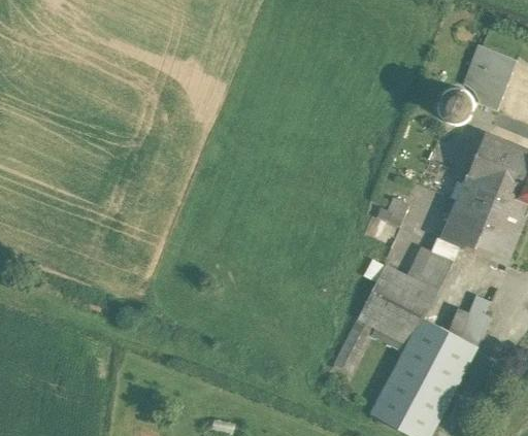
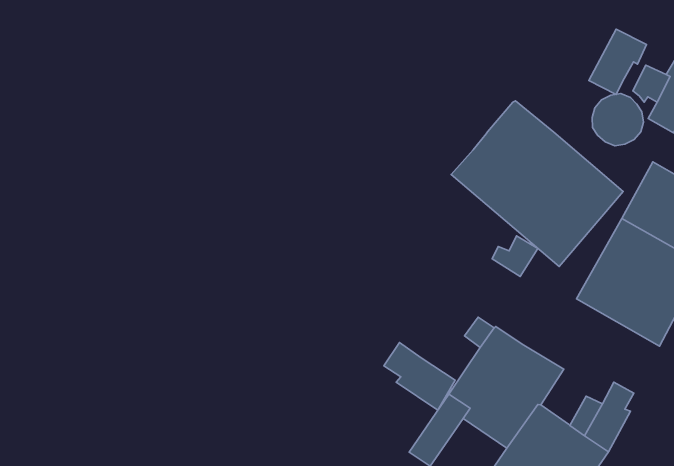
building: none -> [589,29,647,94]
building: none -> [451,101,623,267]
building: [405,245,453,290] -> none
building: none -> [384,343,455,410]

